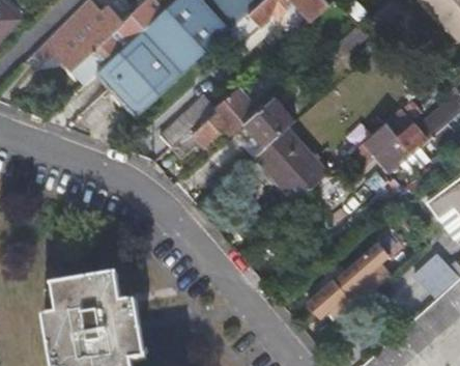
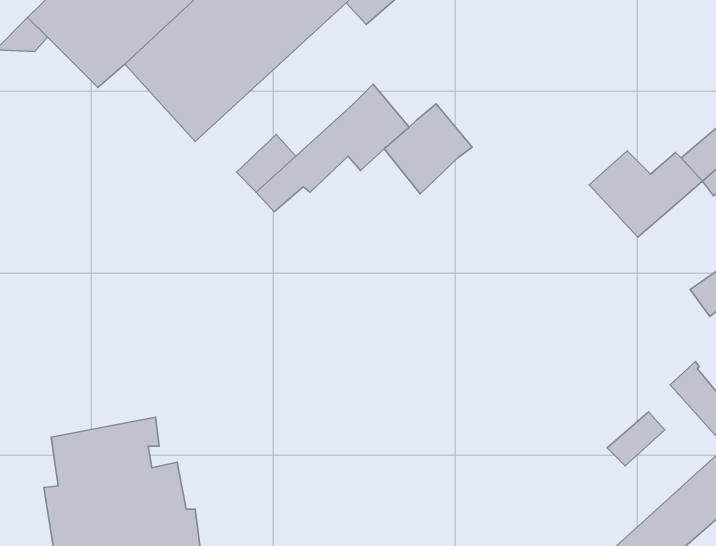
building: [256,125,327,201] -> none
building: [307,240,390,318] -> none

